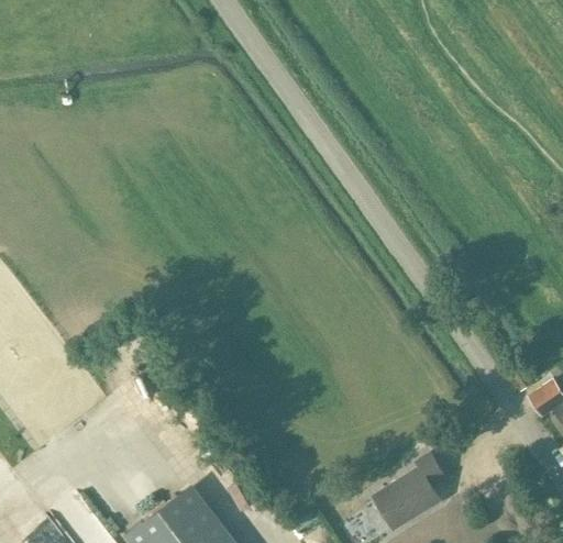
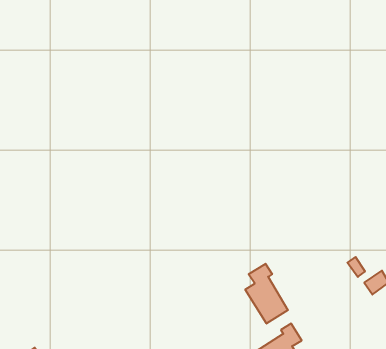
building: none -> [245,264,288,324]

